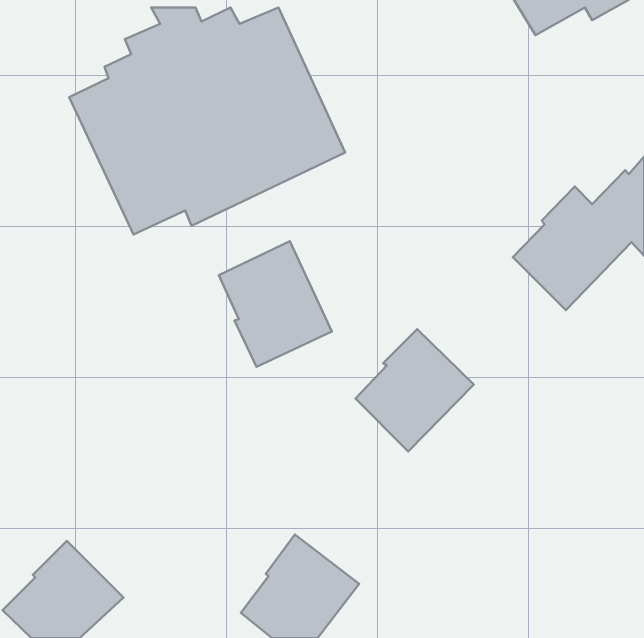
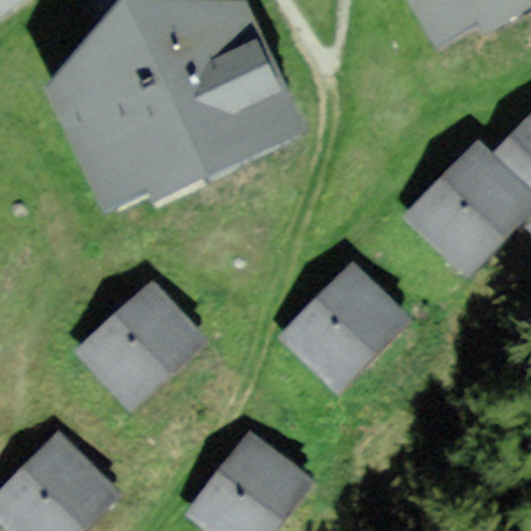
building: [219,241,332,367] -> none
building: none -> [88,289,185,389]

